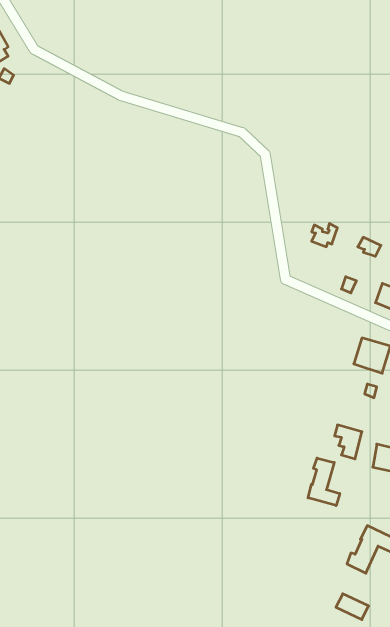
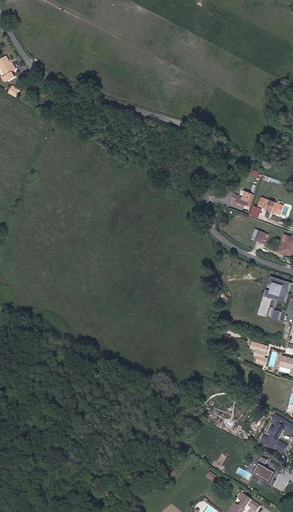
building: [308,458,340,506] -> none

